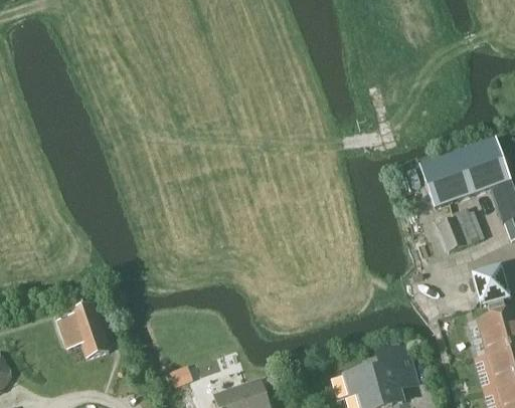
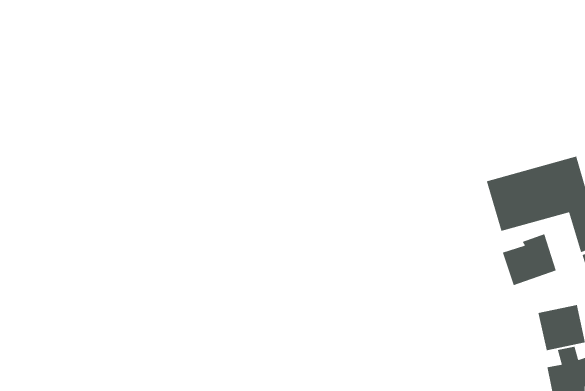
building: [57,301,108,356] -> none

